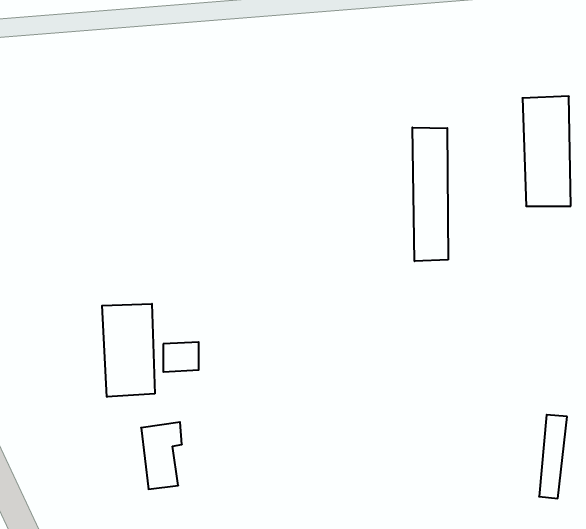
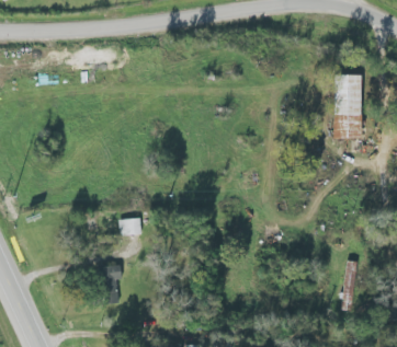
building: [412,127,448,261] -> none
building: [102,304,155,397] -> none

